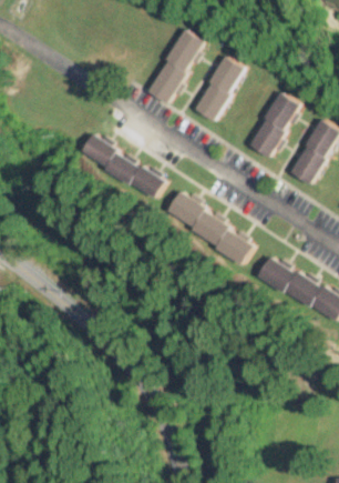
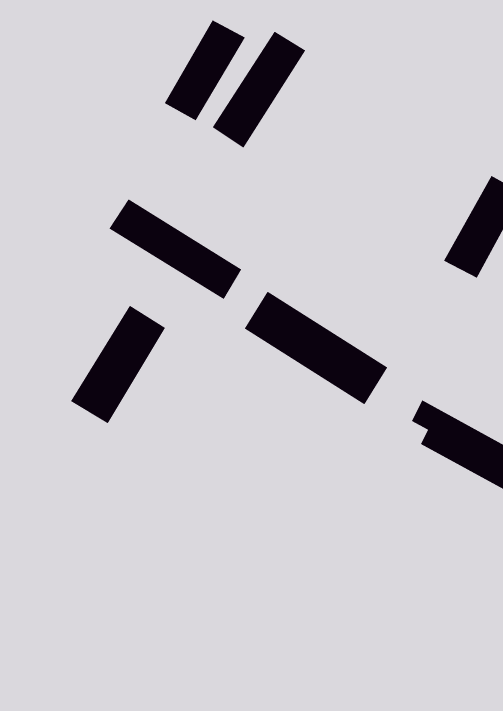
building: [193,57,244,120] -> [164,20,246,121]
building: [248,93,298,158] -> none
building: none -> [70,305,166,424]

